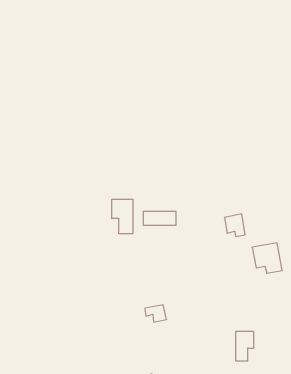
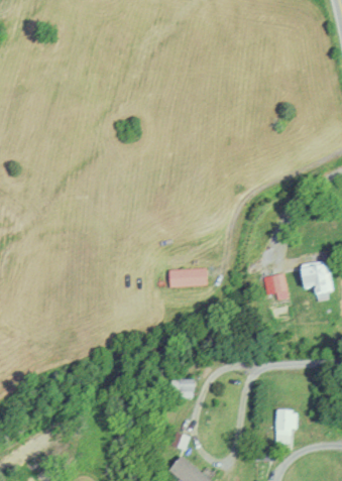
building: [112,199,133,234] -> none
building: [252,243,282,273] -> [298,260,333,295]

